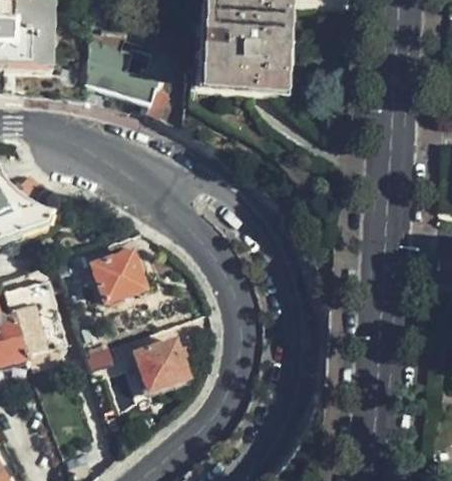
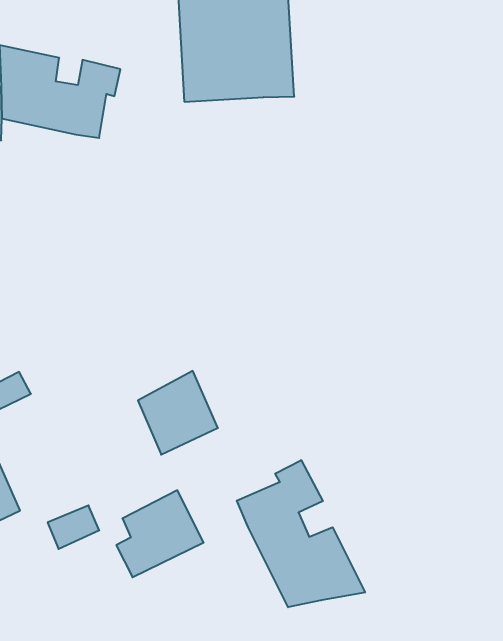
building: [93,249,143,301] -> [138,371,218,455]
building: none -> [237,460,365,607]

